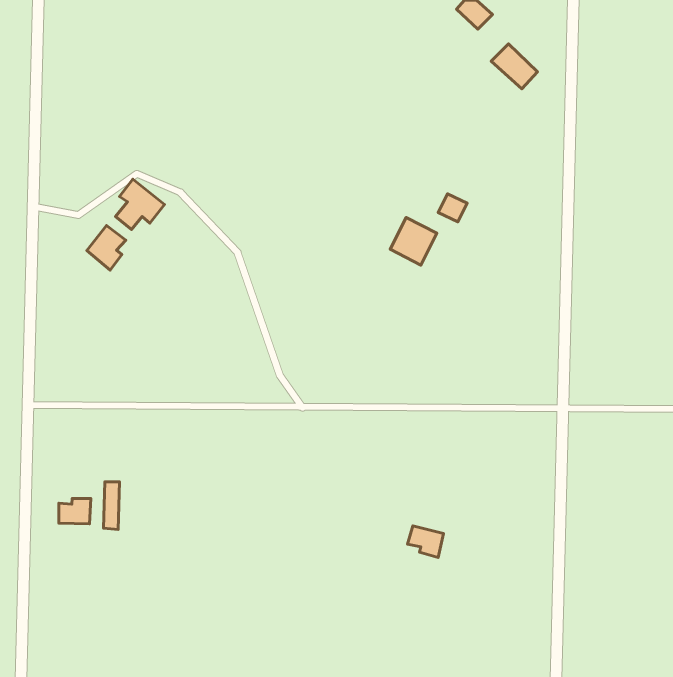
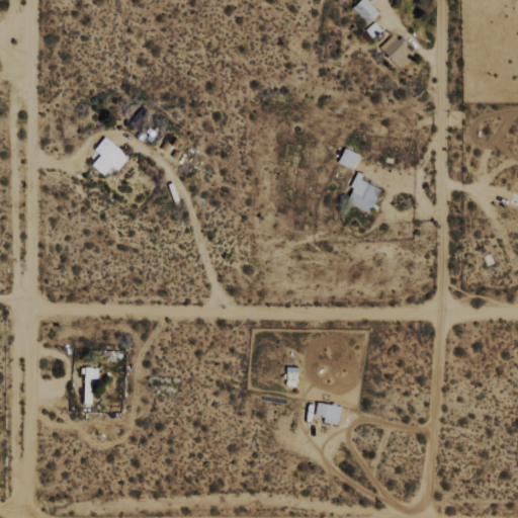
building: [390,217,437,265] -> [346,177,381,213]
building: [87,226,126,270] -> none
building: [59,499,91,524] -> none

